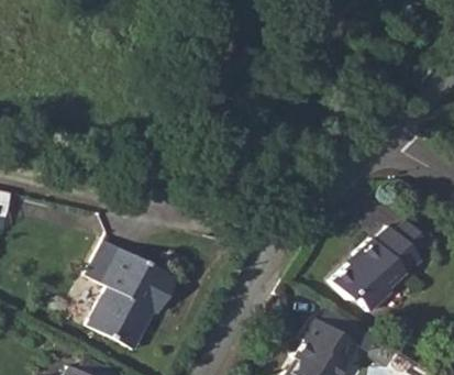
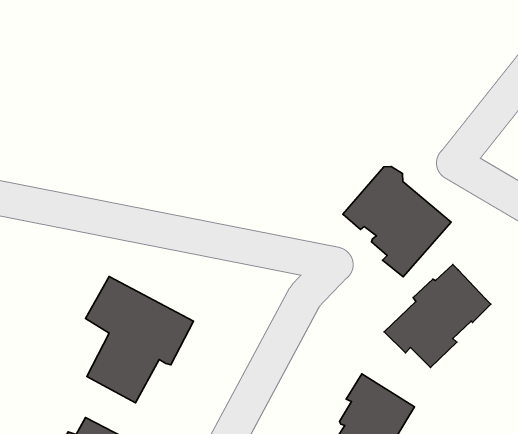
building: none -> [343,166,451,277]

